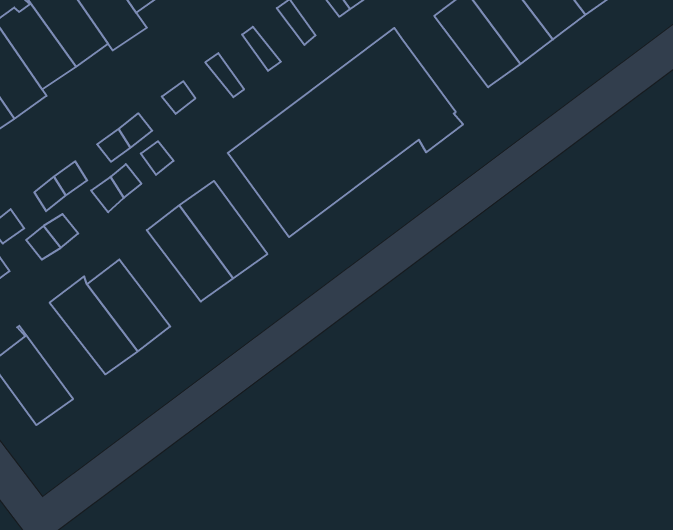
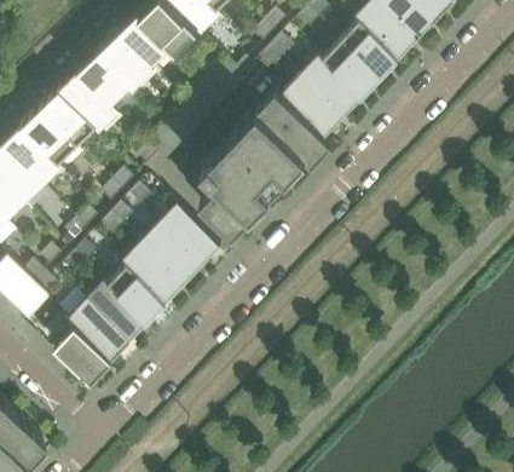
building: none -> [283,75,343,134]
building: none -> [122,243,183,303]
building: none -> [69,300,129,359]

